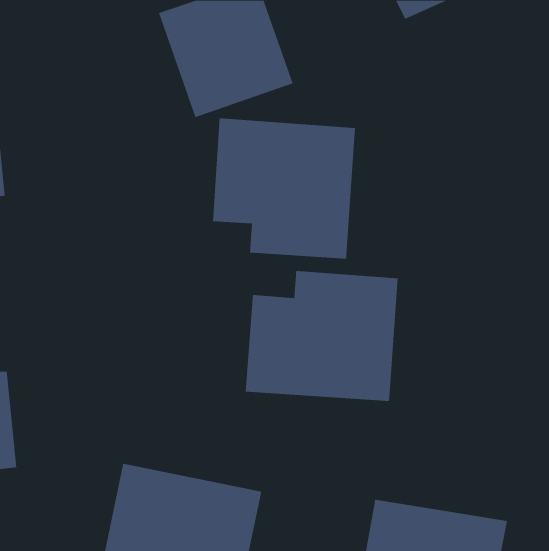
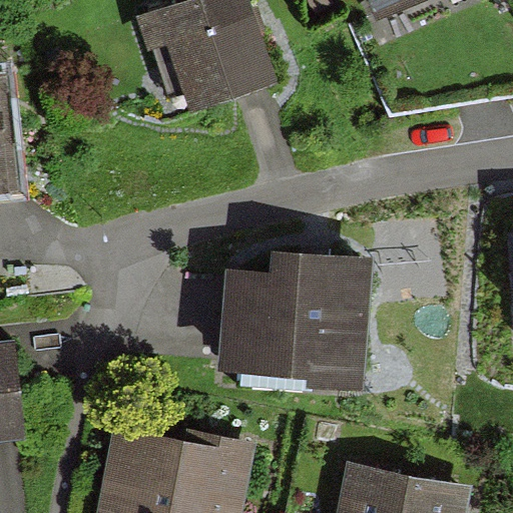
building: [213,118,356,259] -> none

